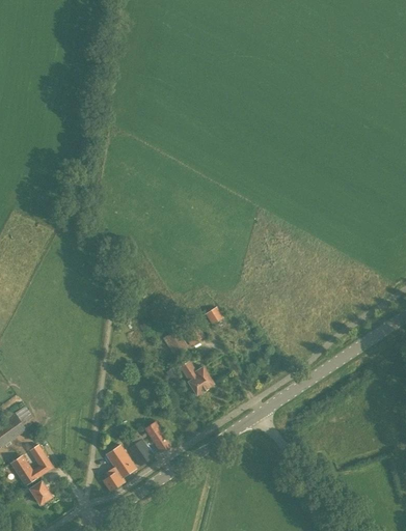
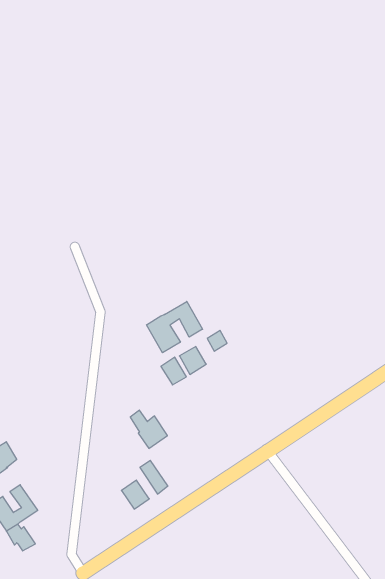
building: none -> [147,301,203,353]
building: [181,361,214,395] -> [130,410,167,448]
building: [103,445,136,492] -> none

